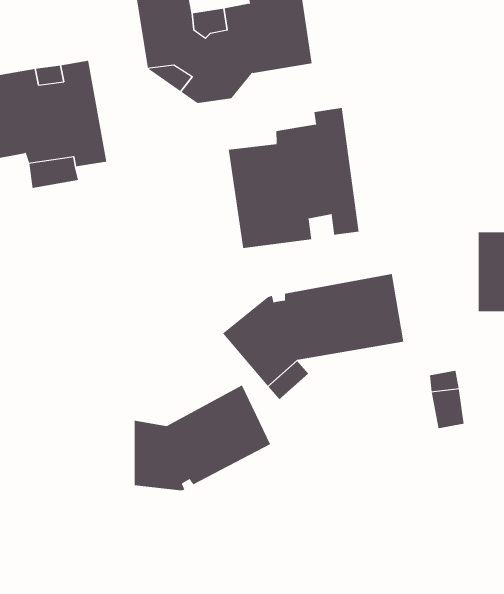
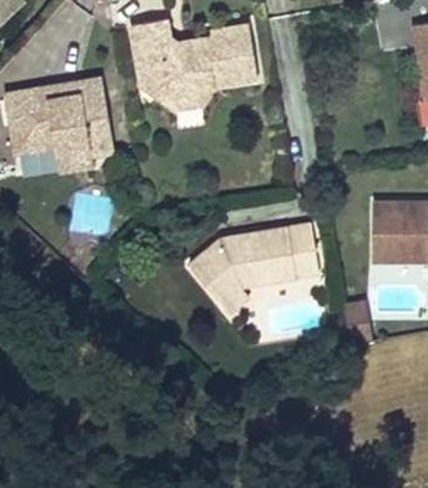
building: [228,107,359,249] -> none
building: [134,384,271,491] -> none

